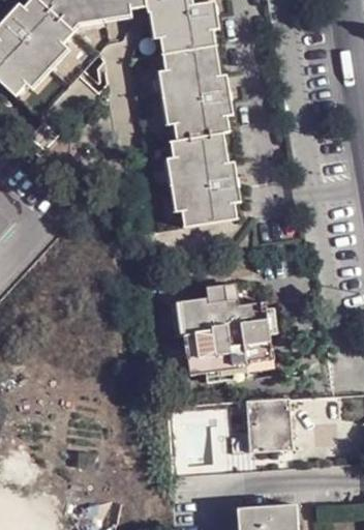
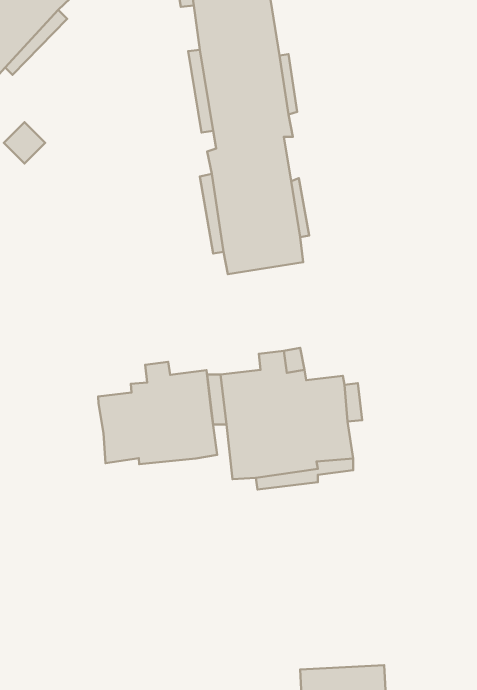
building: none -> [98,362,217,464]
building: [238,394,292,450] -> none

